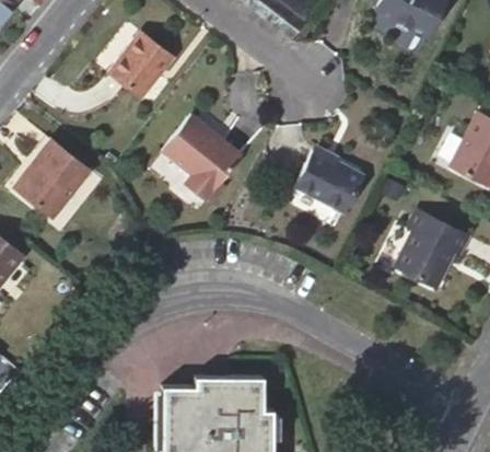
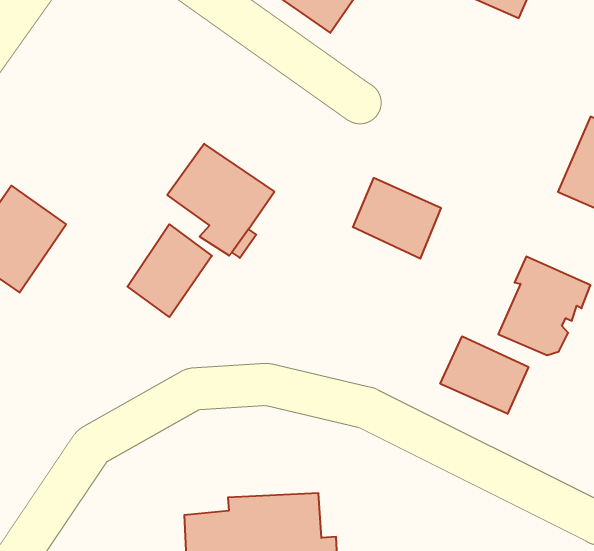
building: [109,33,174,100] -> none
building: none -> [127,224,212,317]
building: none -> [440,336,528,414]

